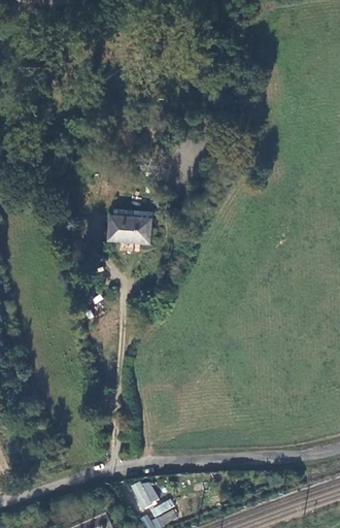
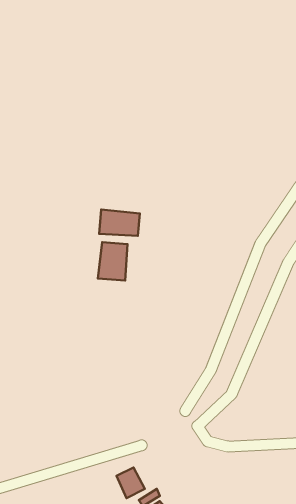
building: none -> [98,242,127,281]

